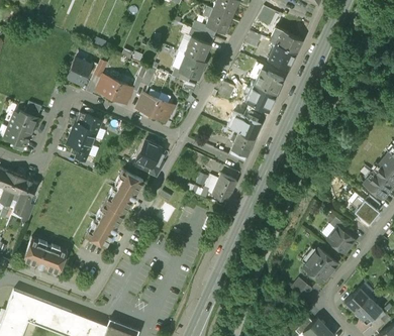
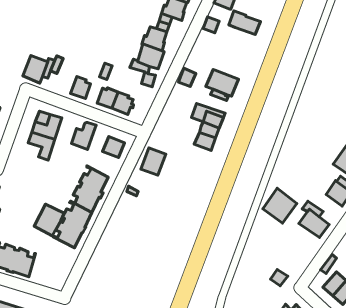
building: [268,44,295,69] -> none
building: [254,70,283,95] -> none
building: [96,72,121,98] -> [71,123,96,150]
building: [211,175,236,202] -> [141,148,166,175]
building: none -> [34,204,64,236]
building: [303,248,336,283] -> [263,188,297,223]

